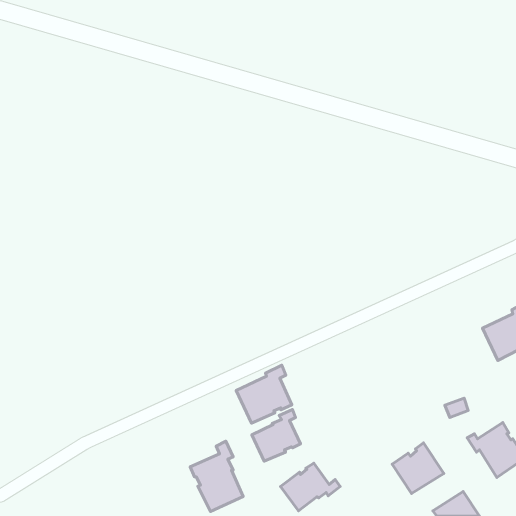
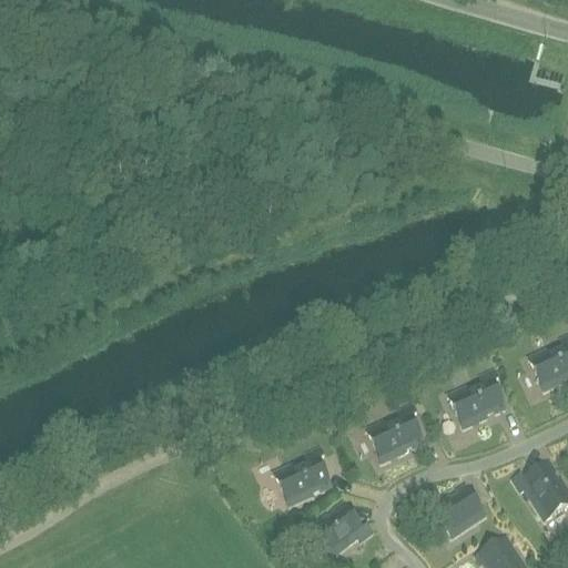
building: none -> [446,367,507,430]
building: [236,365,292,423] -> [364,402,425,465]
building: [190,441,243,511] -> none

